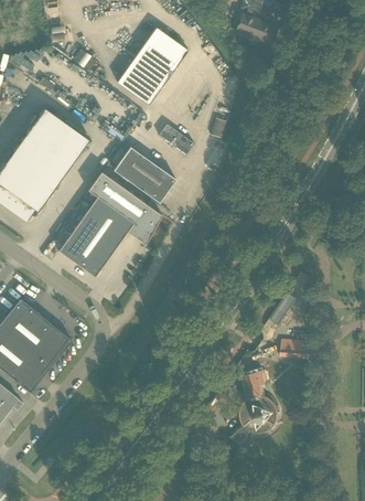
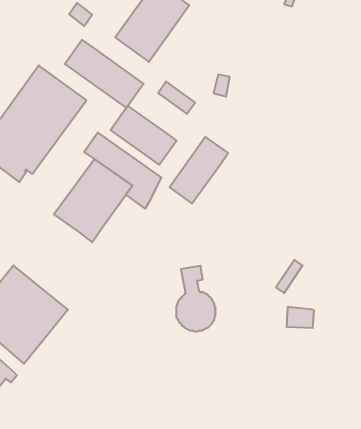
building: none -> [65,40,144,108]
building: none -> [170,137,228,203]
building: [238,371,276,434] -> [176,266,216,332]

